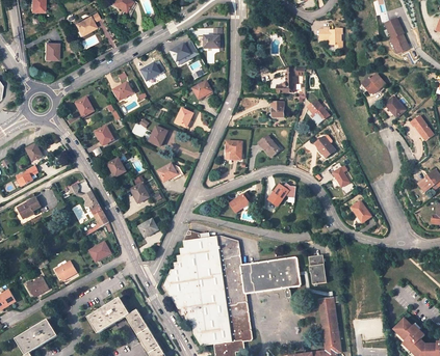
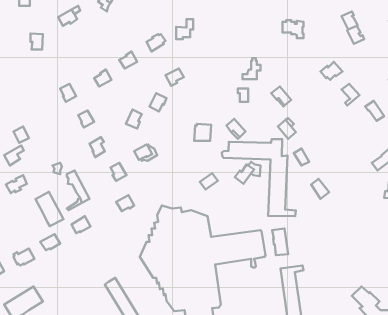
building: none -> [222,139,296,216]
building: none -> [35,192,63,226]
building: [87,297,129,332] -> none

